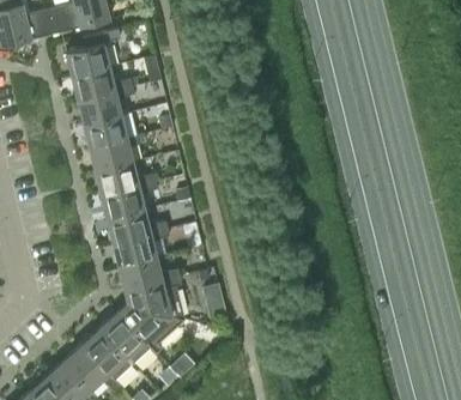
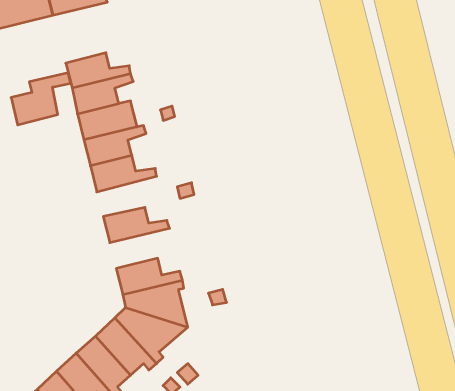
building: [66,29,121,77] -> [11,73,71,125]
building: [101,181,158,218] -> none
building: [113,229,170,266] -> none

